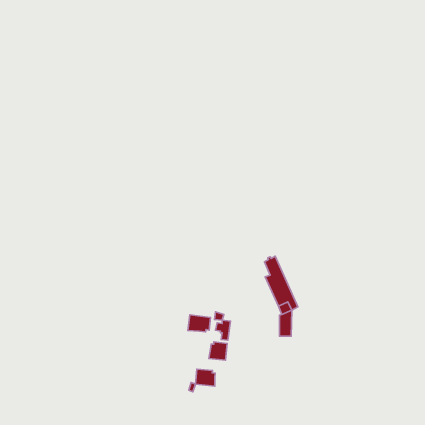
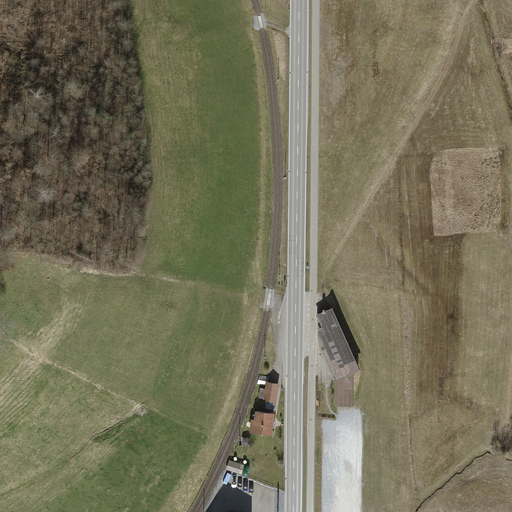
building: [188,315,210,332] -> none
building: [195,369,215,386] -> none

